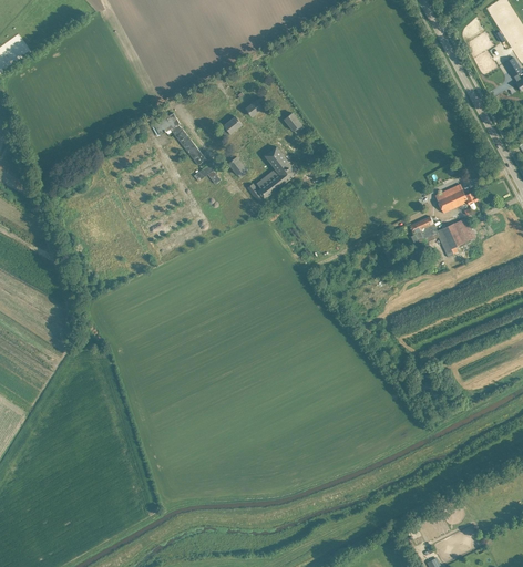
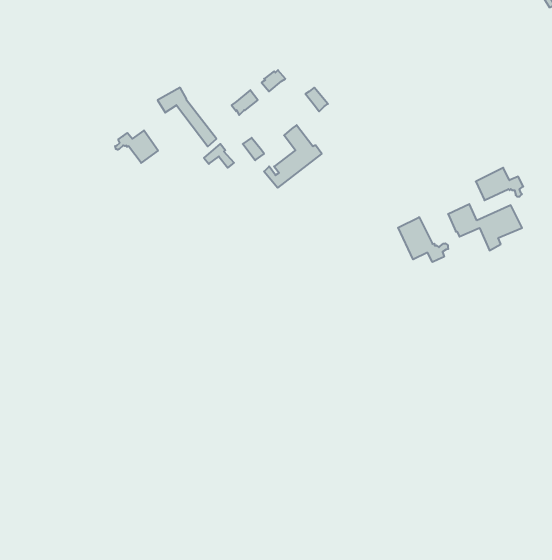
building: none -> [115,130,158,163]
building: none -> [398,217,448,262]

